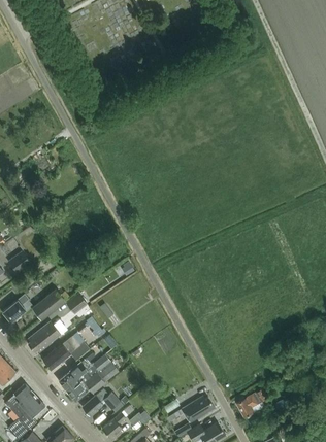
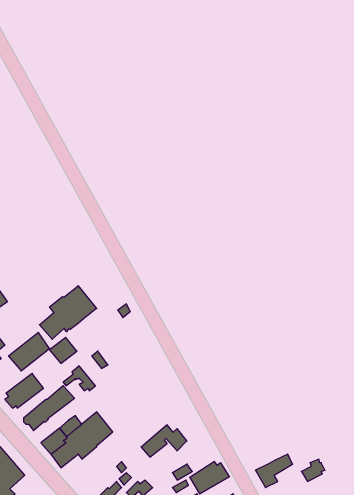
building: none -> [39,286,97,339]
building: [82,388,120,415] -> [141,425,187,457]

